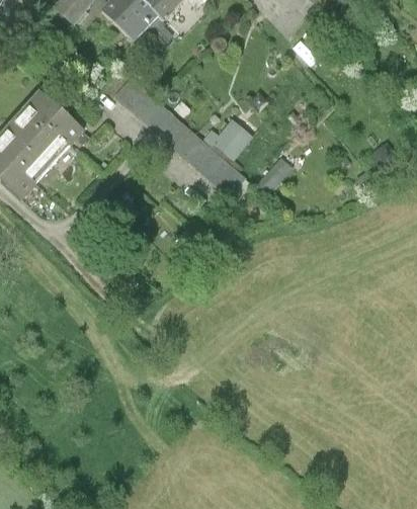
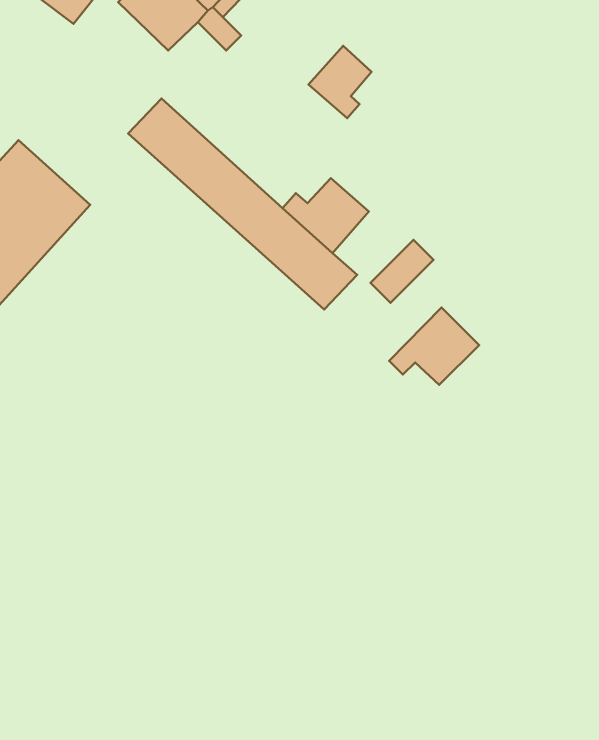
building: none -> [309,46,372,118]
building: none -> [389,308,479,385]

